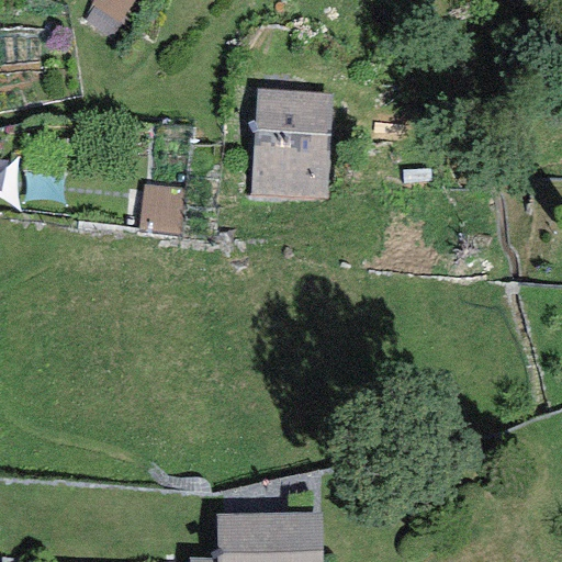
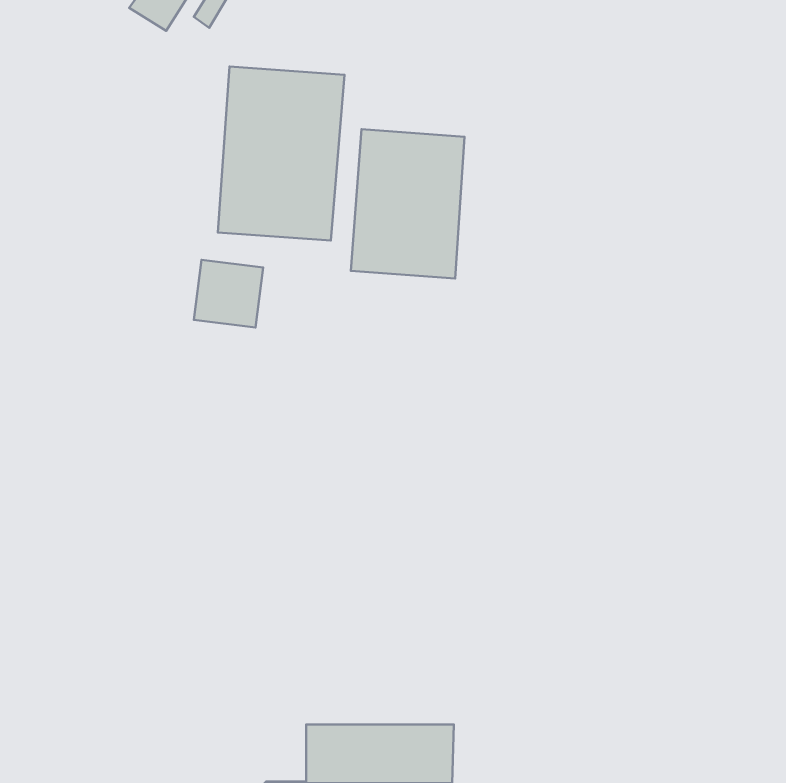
building: none -> [218,66,344,241]

